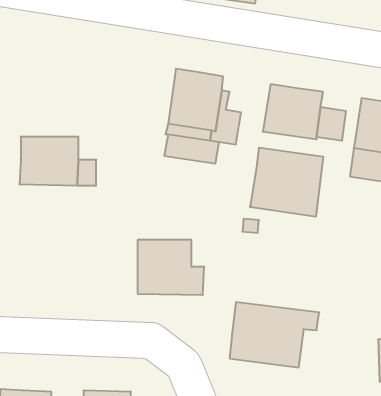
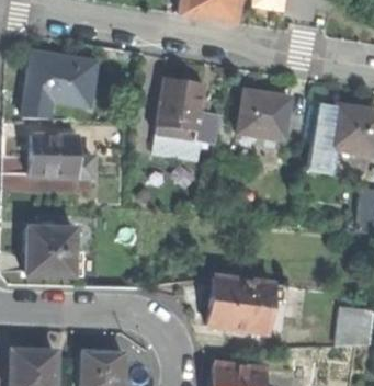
building: none -> [26,53,95,104]
building: [250,148,323,217] -> none
building: [138,240,204,295] -> [29,229,86,276]

